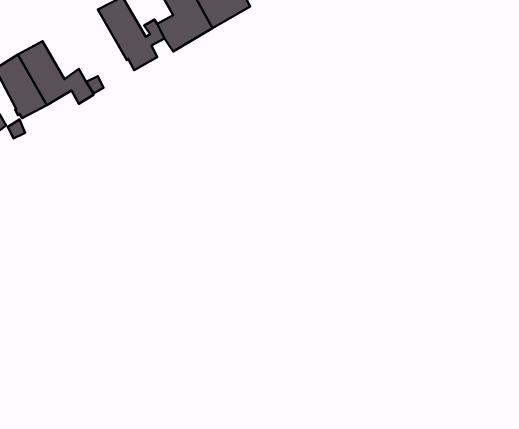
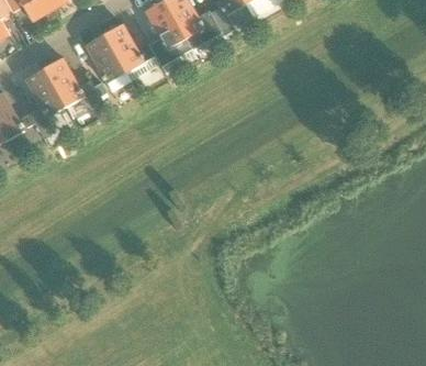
building: none -> [85,33,131,91]

